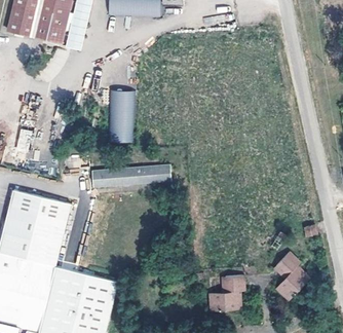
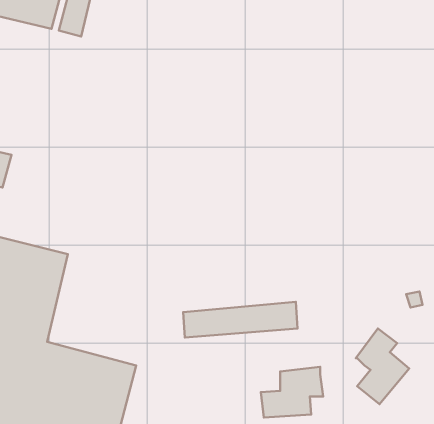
building: [108,89,136,142] -> none
building: [90,161,169,186] -> [183,302,297,338]

